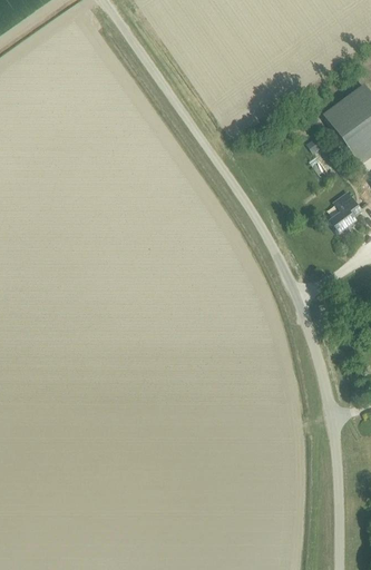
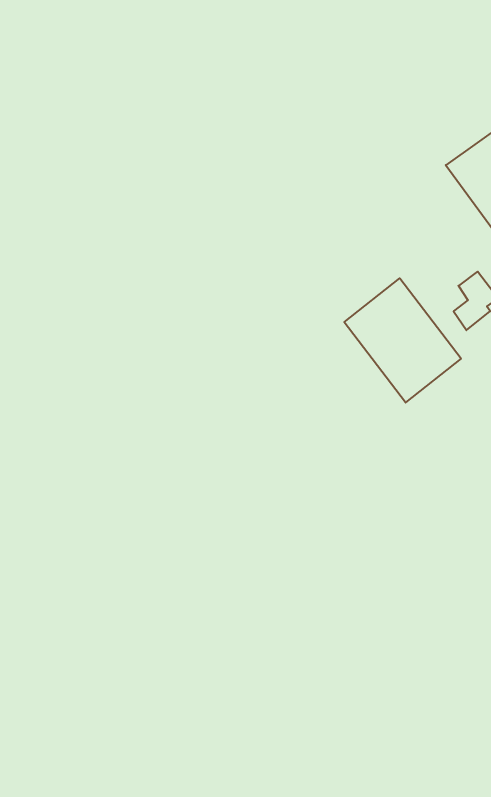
building: none -> [344,278,461,403]

